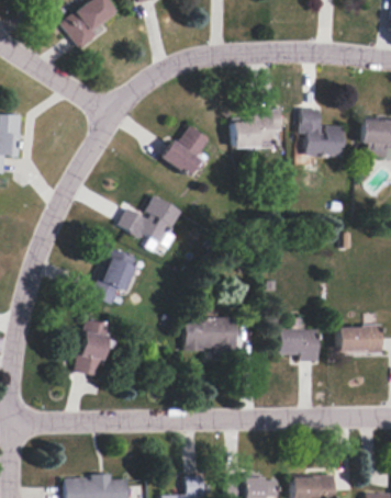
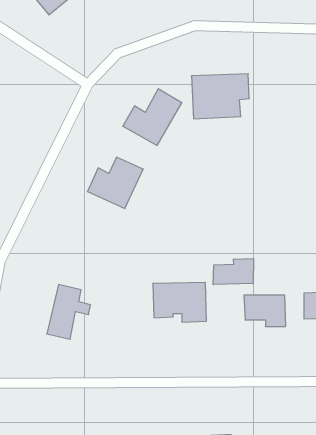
building: [298,103,339,160] -> none
building: [90,241,147,304] -> none
building: none -> [213,259,254,285]

